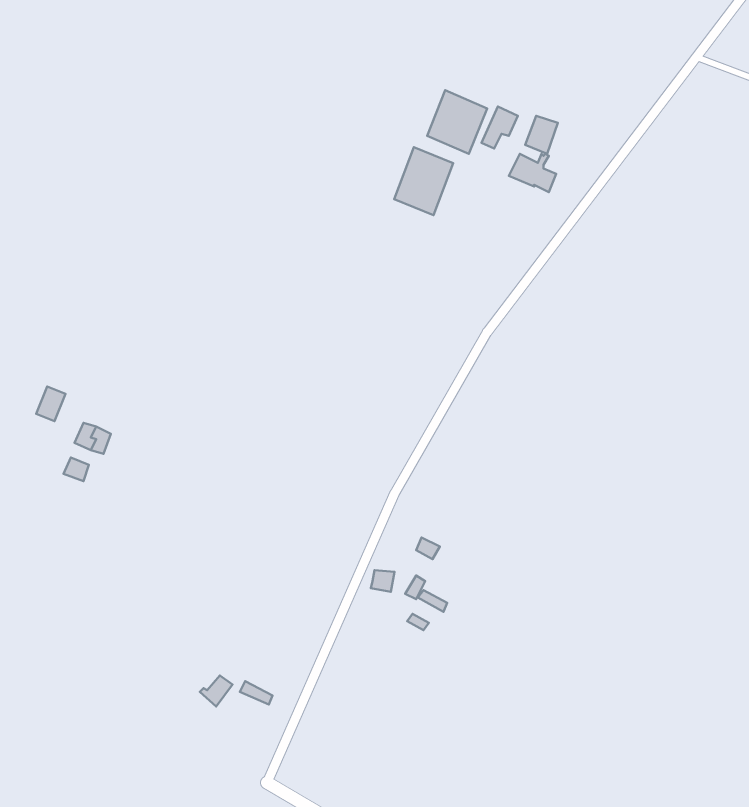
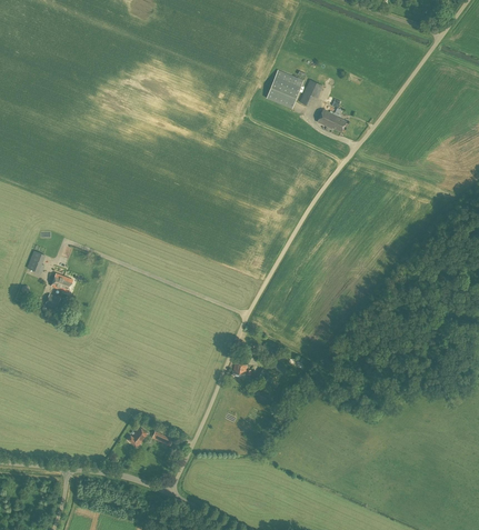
building: [394,147,453,215] -> none

